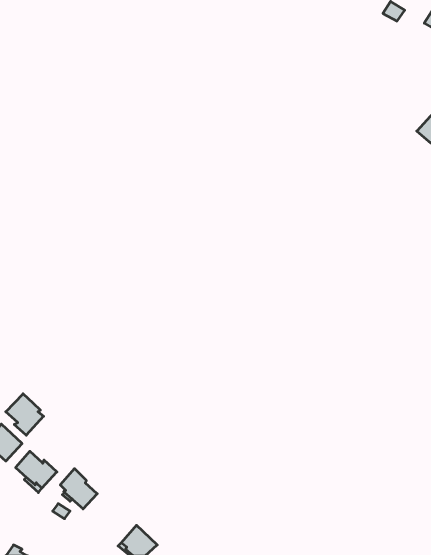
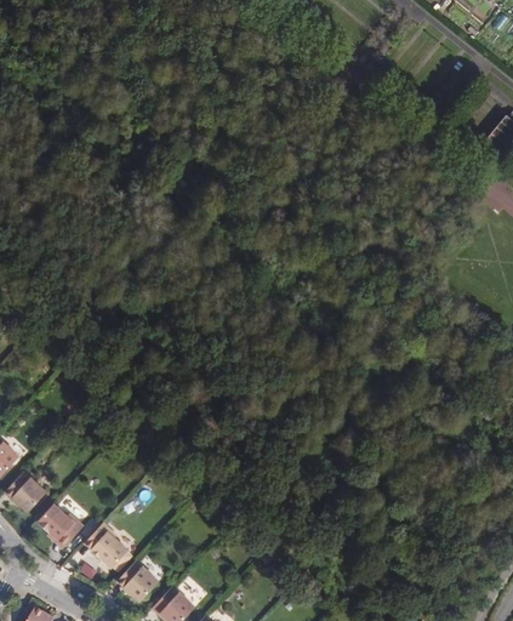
building: [6,394,44,435] -> none
building: none -> [119,560,159,602]

